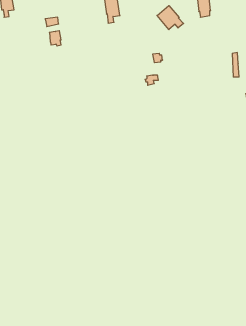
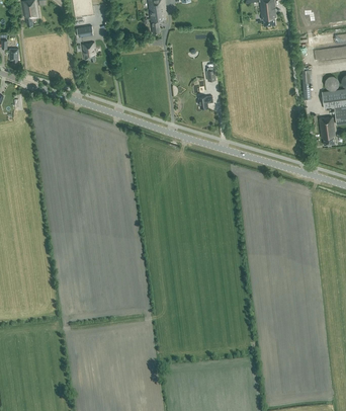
building: [157,6,184,30] -> none

